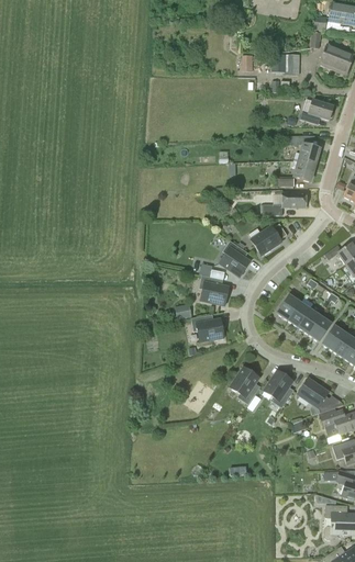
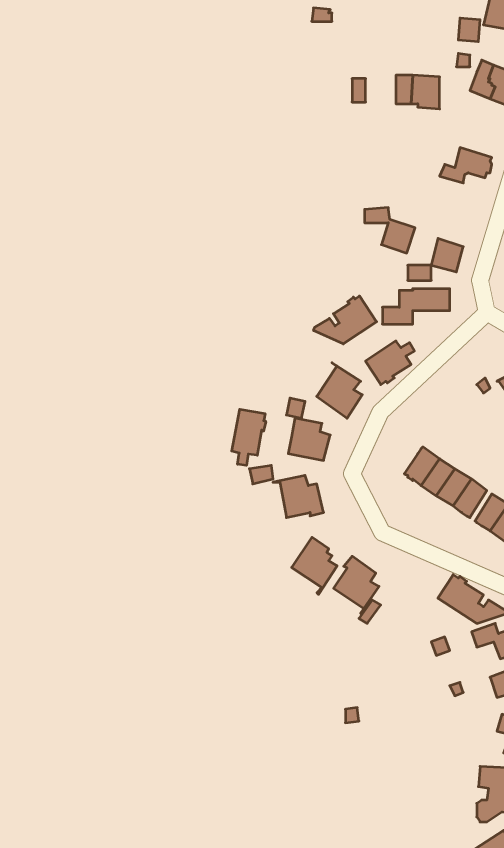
building: [287,135,320,165] -> [365,208,415,253]
building: none -> [314,296,377,344]
building: none -> [232,409,266,465]
building: [264,371,293,408] -> [292,537,337,594]

